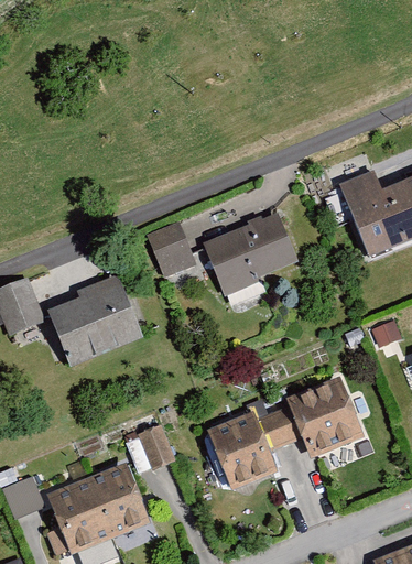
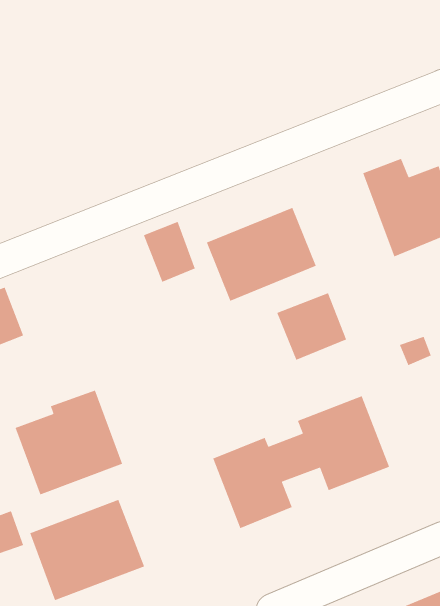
building: [45,276,140,369] -> [15,390,123,496]
building: none -> [276,292,347,361]
building: [138,426,175,471] -> none

